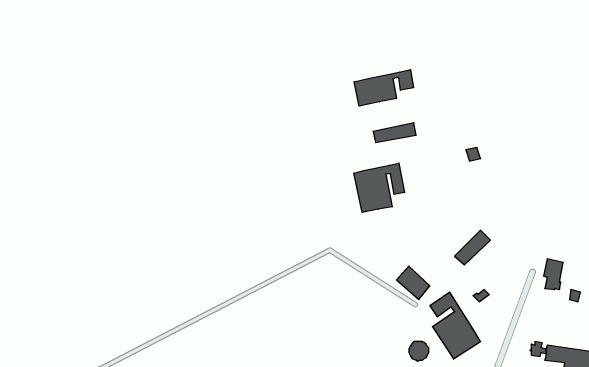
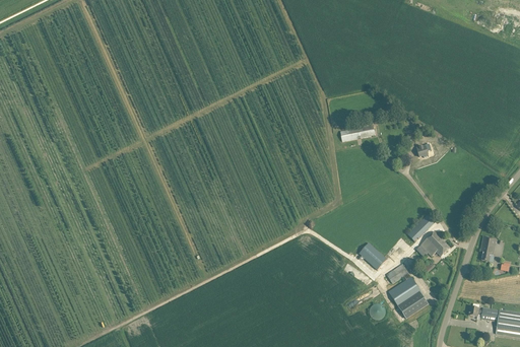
building: [354,70,413,106] -> none
building: [354,163,404,212] -> none
building: none -> [415,229,450,255]

